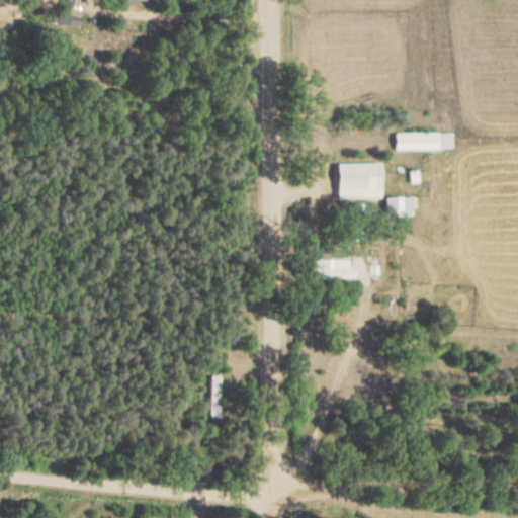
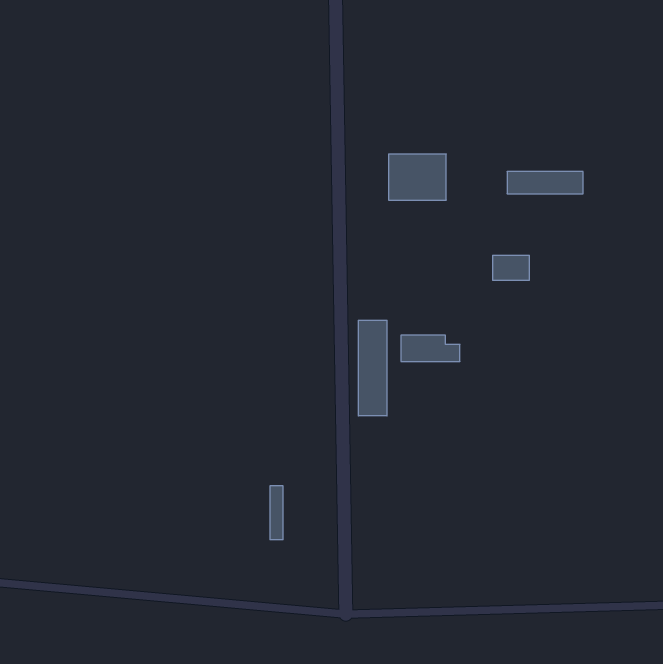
building: [338,163,382,198] -> [389,154,446,200]
building: none -> [358,320,387,416]

